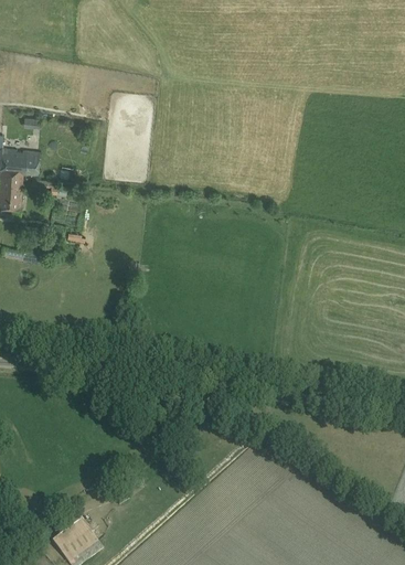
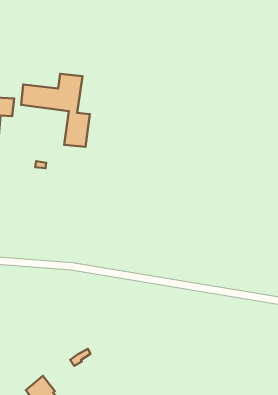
building: none -> [21,74,90,147]

